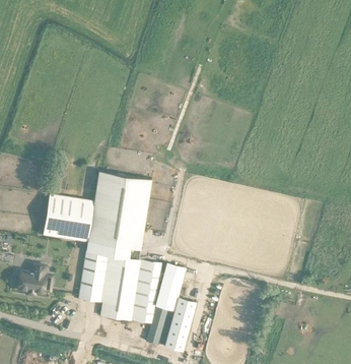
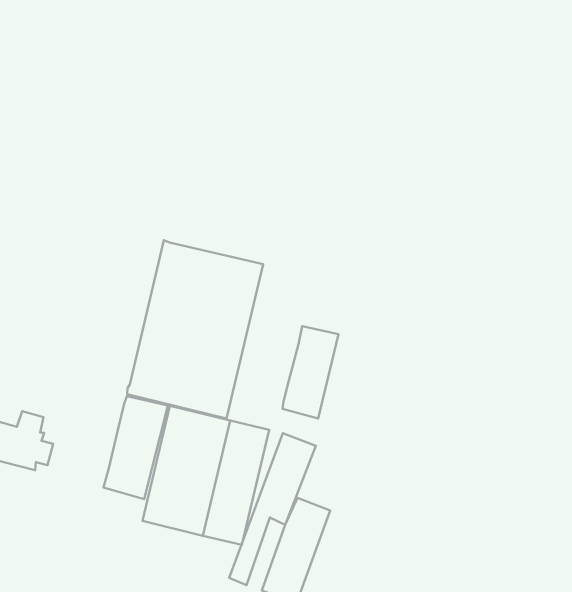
building: [44,193,93,242] -> none
building: none -> [282,326,339,418]

